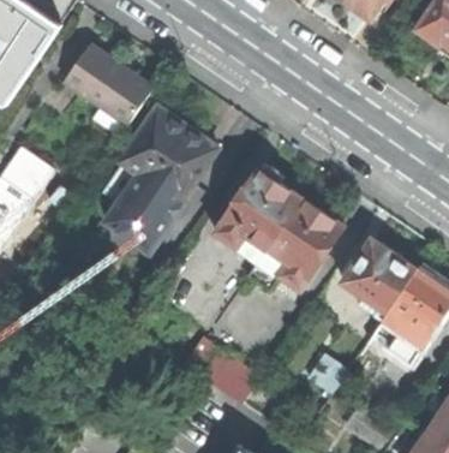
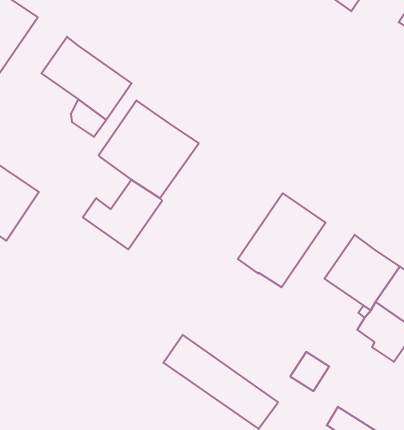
building: [102,162,152,213] -> none
building: [215,165,301,262] -> none

